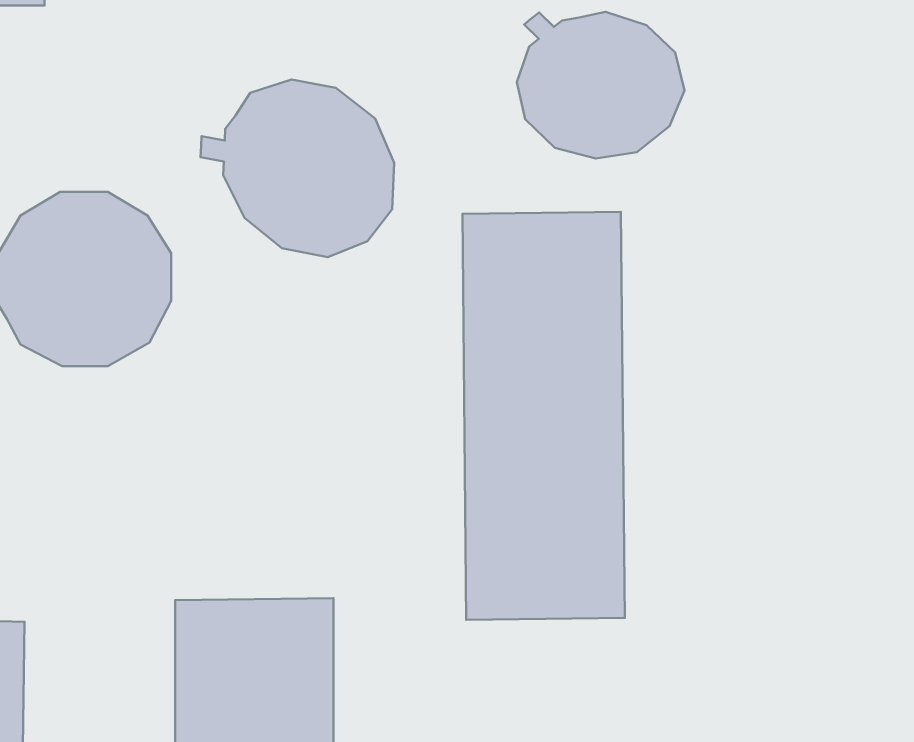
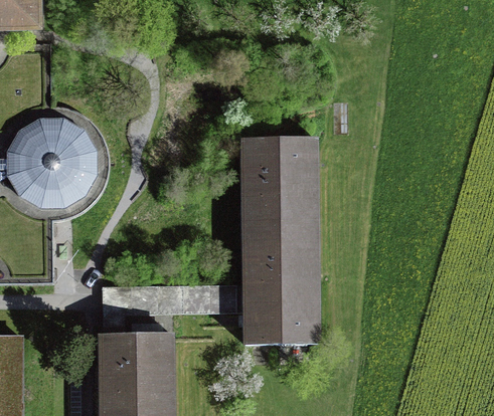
building: [517,12,685,159] -> none
building: [201,79,394,257] -> none

